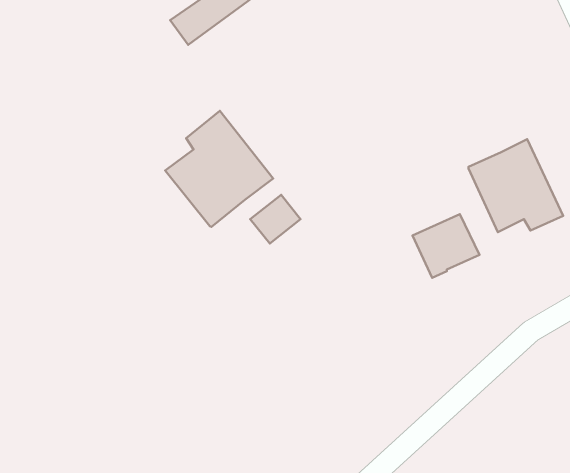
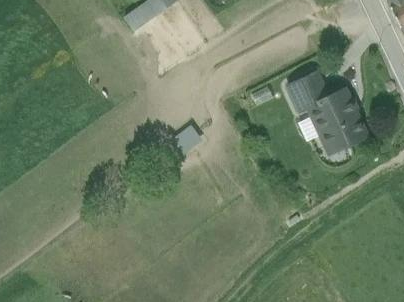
building: [165,111,273,227] -> none
building: [413,214,479,278] -> [290,70,331,109]

